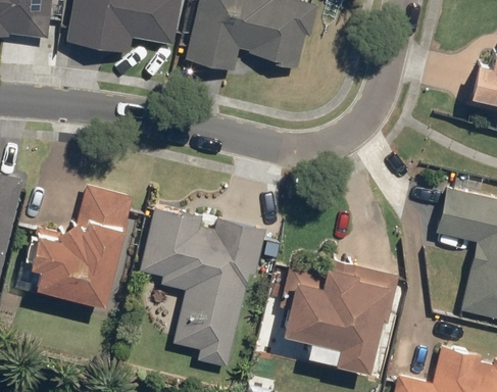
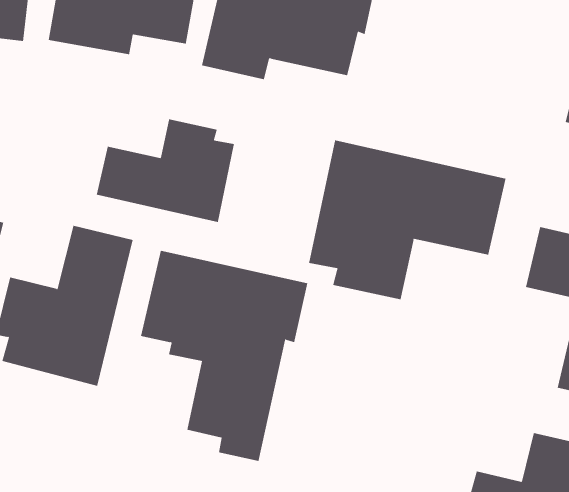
building: none -> [96,119,235,223]
building: none -> [309,140,506,300]
building: [278,259,399,373] -> none

